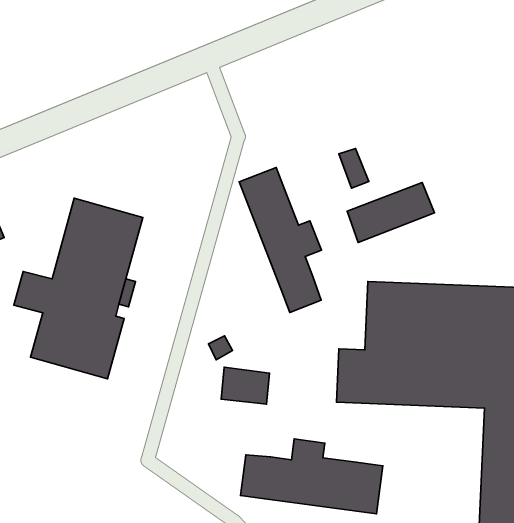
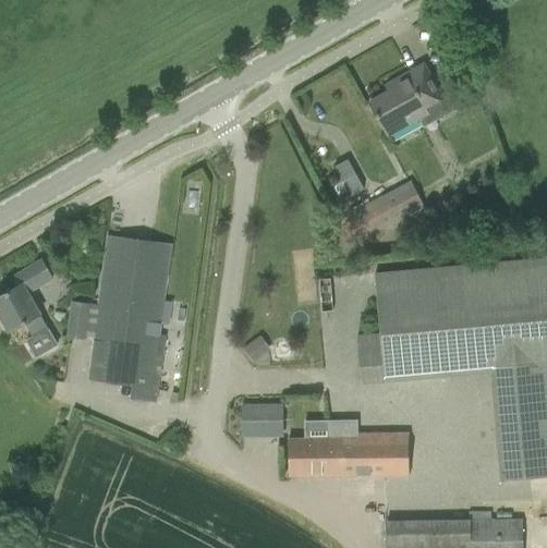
building: none -> [369,64,441,134]
building: [239,168,321,312] -> none
building: [221,367,269,404] -> [242,403,283,431]

